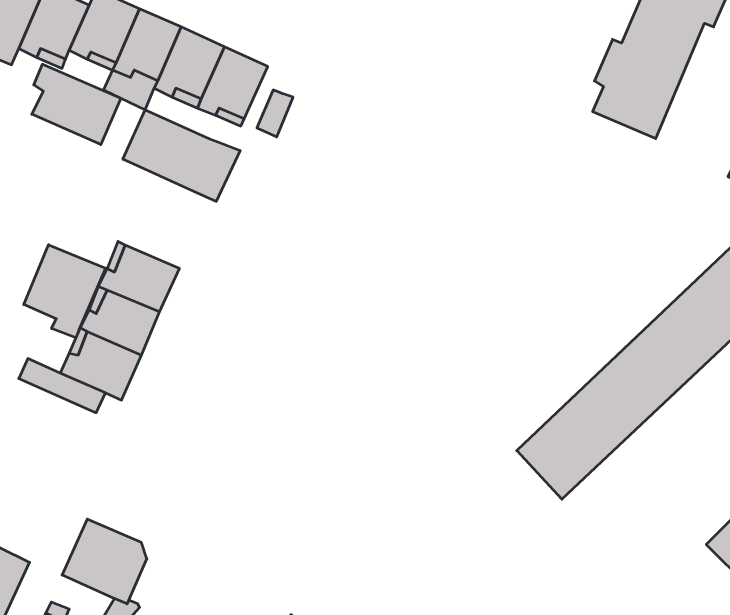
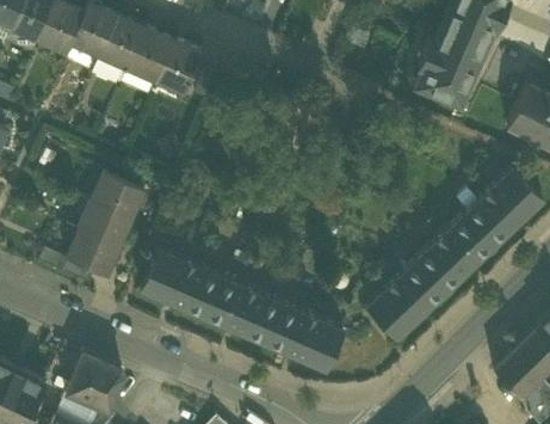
building: [32,64,121,145] -> none
building: [123,110,240,201] -> none
building: [24,245,106,338] -> none
building: none -> [142,250,344,371]

